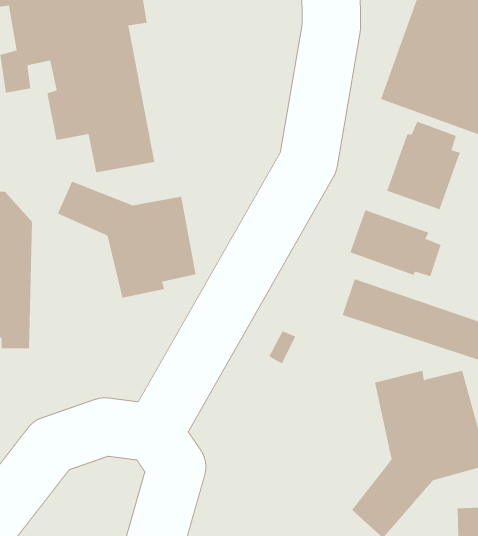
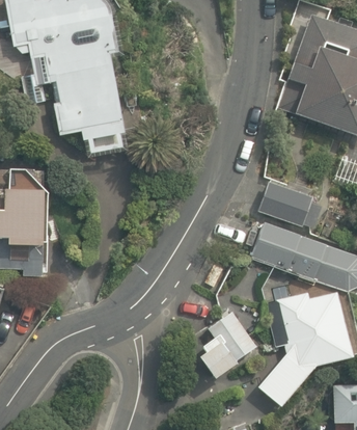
building: [386,121,460,210] -> none
building: [57,181,196,298] -> none
building: none -> [199,308,258,376]

